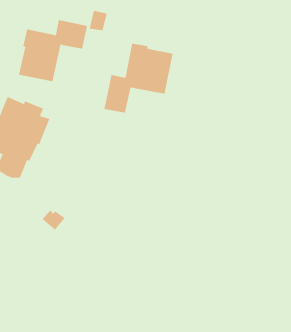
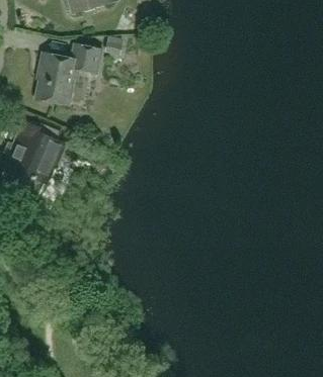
building: [104,43,173,114] -> none

